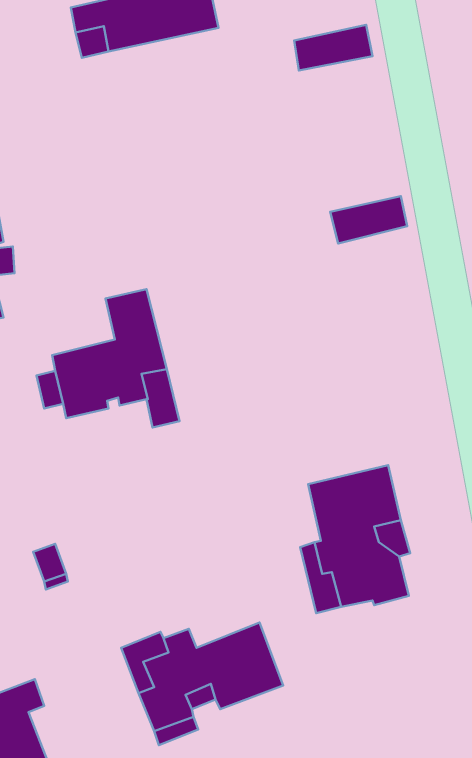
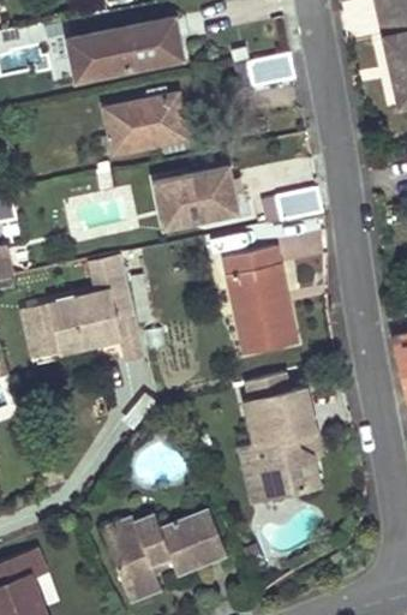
building: none -> [101,88,200,155]
building: none -> [155,166,237,225]
building: none -> [225,245,297,354]

